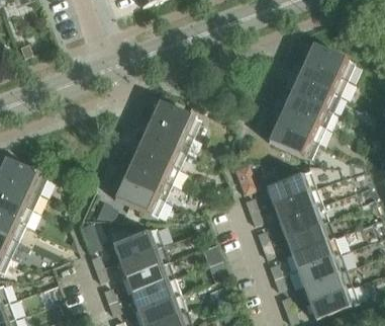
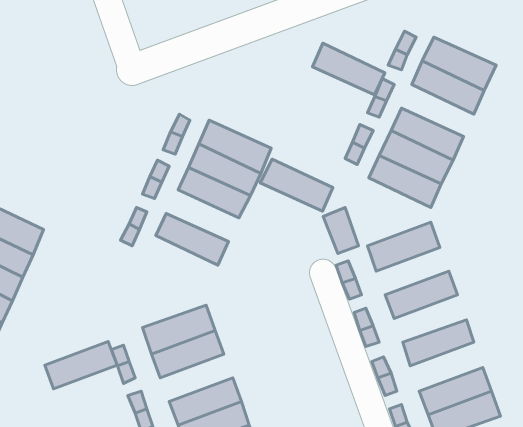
building: [290,77,340,112] -> [312,43,385,95]
building: [129,149,179,184] -> [260,159,333,211]
building: [115,180,165,216] -> none
building: [273,188,322,221] -> none
building: [285,221,334,253] -> none
building: [296,253,346,287] -> none
building: [125,261,175,294] -> [45,341,117,389]

